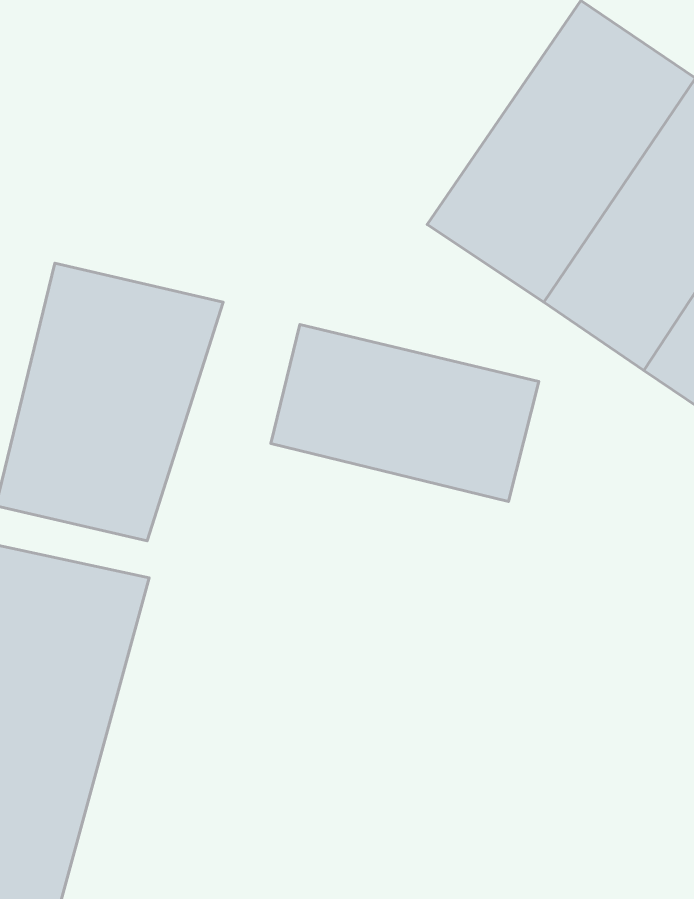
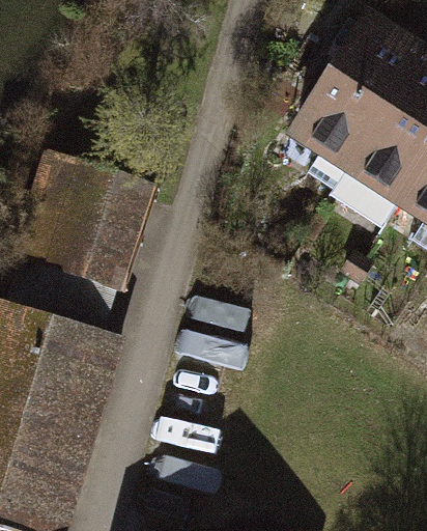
building: [271,325,539,502] -> none

